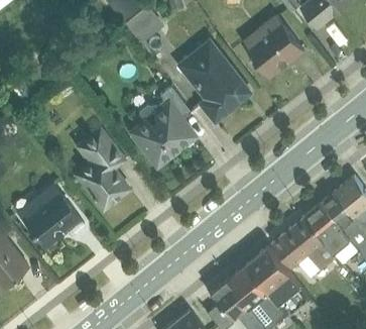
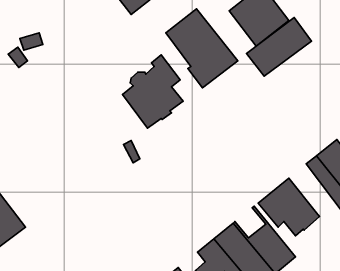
building: none -> [247,17,312,76]
building: [75,127,129,209] -> none
building: [15,184,84,249] -> none
building: [304,202,351,253] -> none

